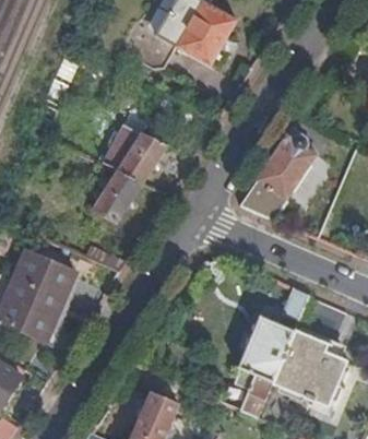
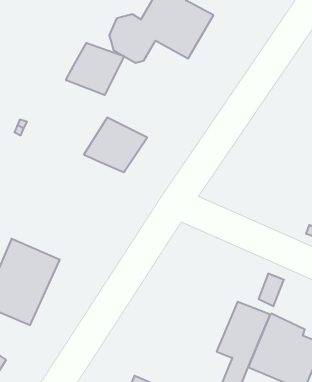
building: none -> [66,43,124,95]
building: [240,134,309,217] -> none
building: [92,170,142,221] -> none

